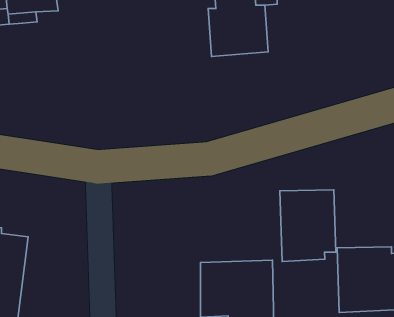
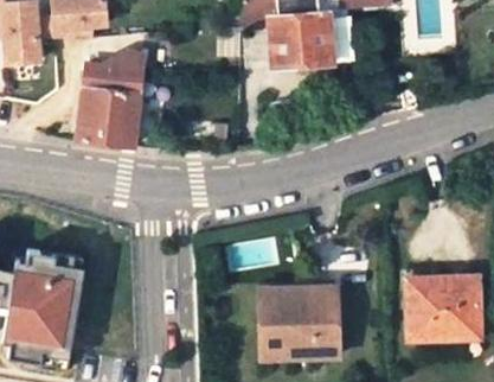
building: none -> [78,55,142,151]
building: [280,190,336,262] -> none

